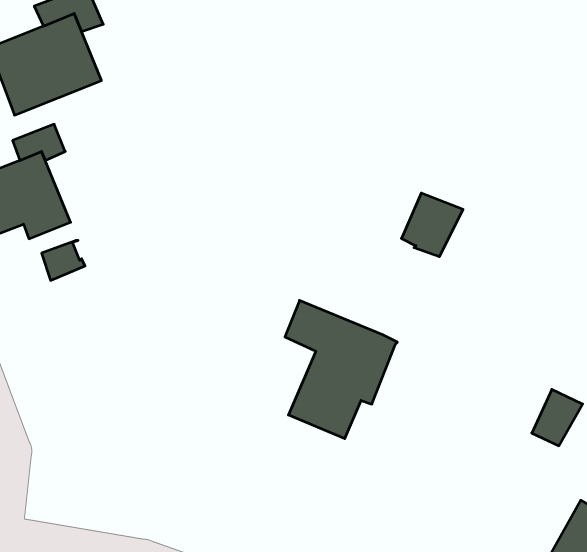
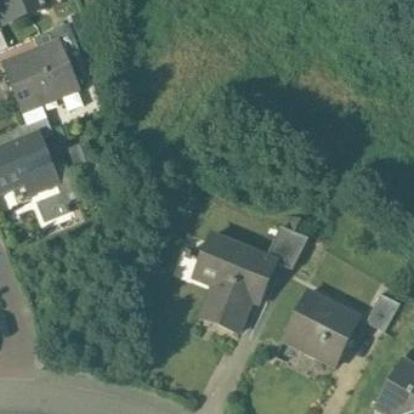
building: [401,193,463,257] -> [266,227,307,270]
building: none -> [283,293,358,367]

